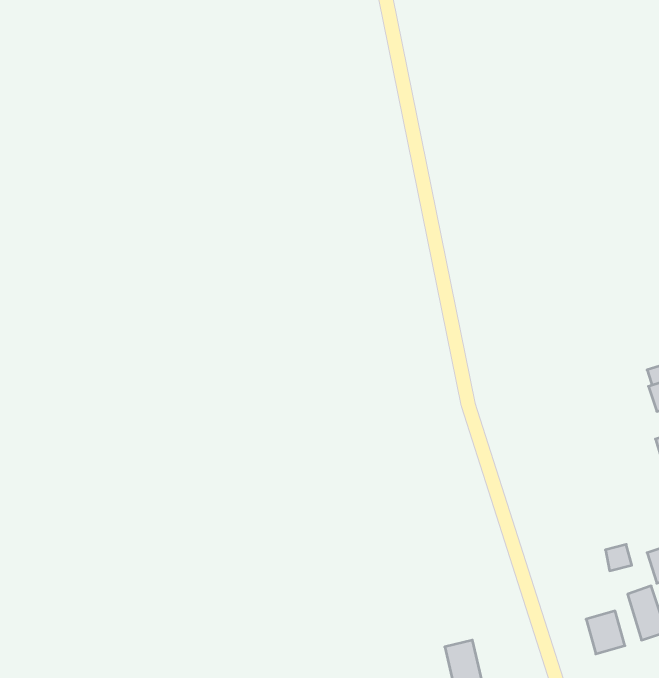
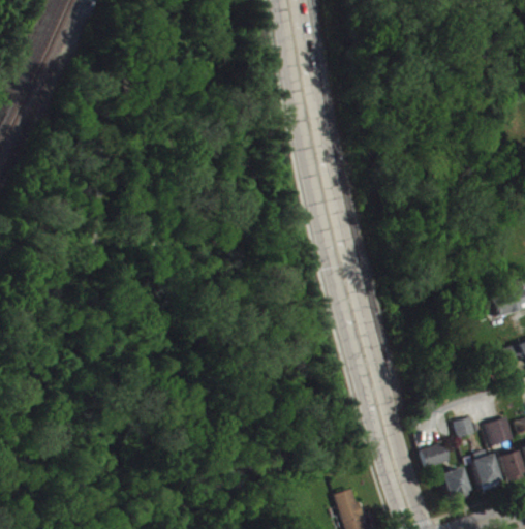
building: none -> [421,443,451,469]

